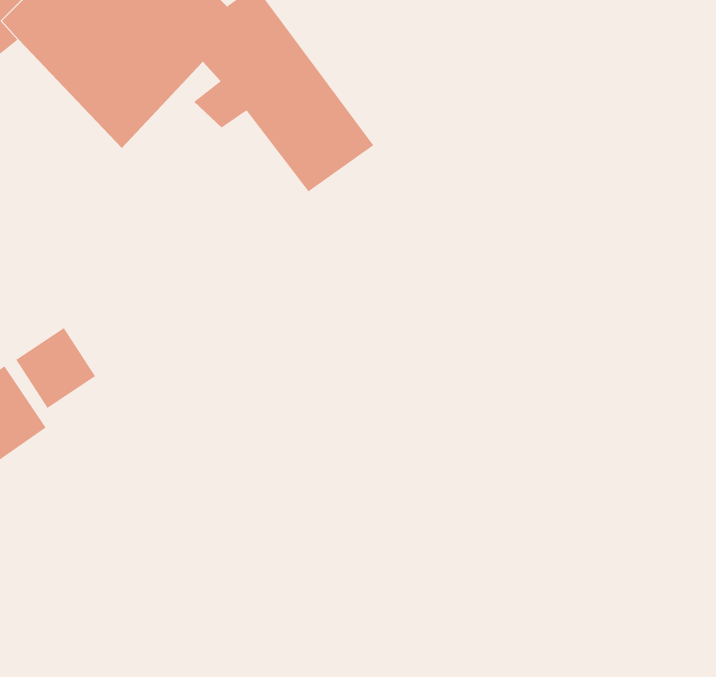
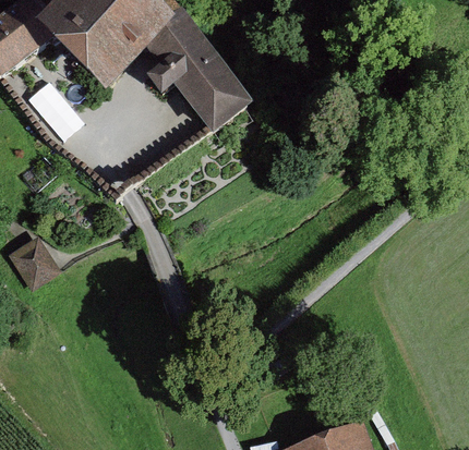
building: [16,327,96,409] -> none

